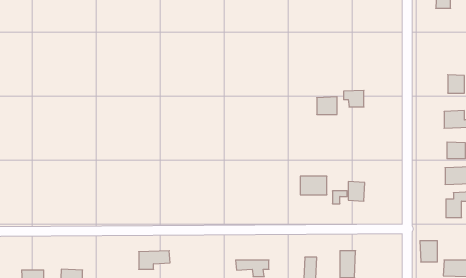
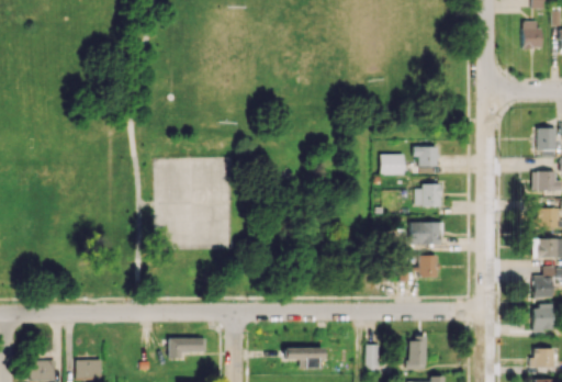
building: none -> [416,186,442,206]
building: [300,176,327,195] -> [412,222,443,244]
building: [420,241,437,262] -> [533,305,554,330]

